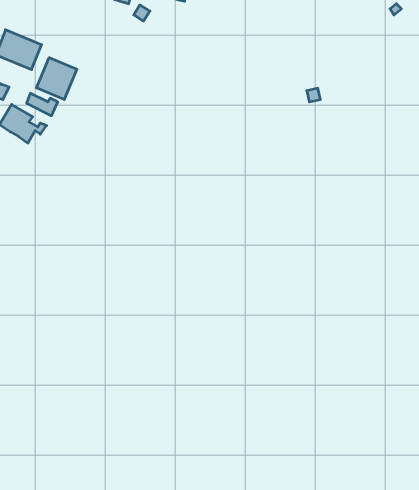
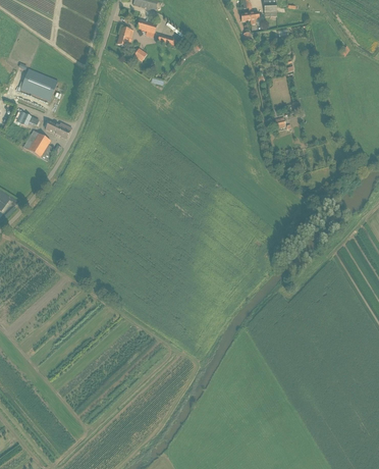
building: [37,58,77,100] -> none

